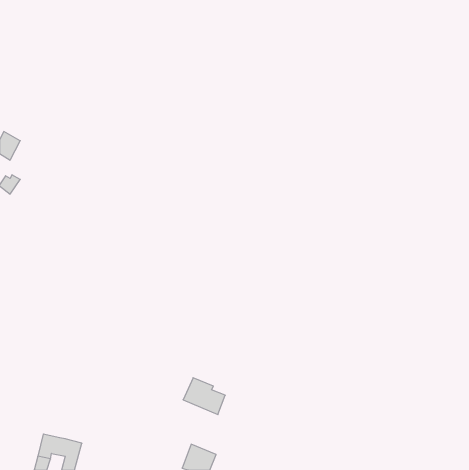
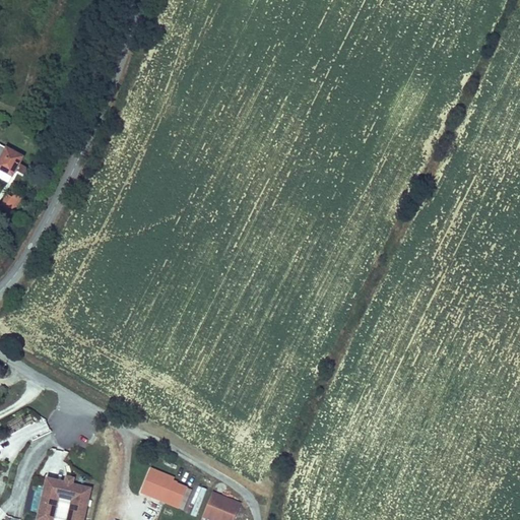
building: [183,378,225,415] -> [139,467,186,508]

